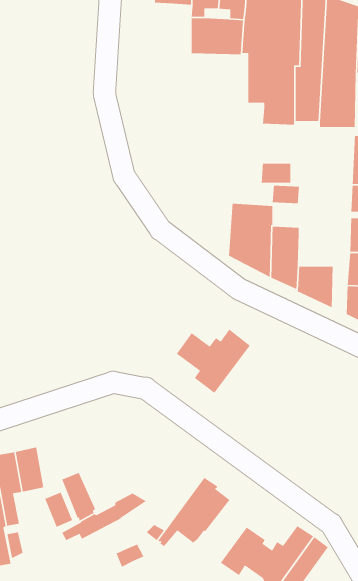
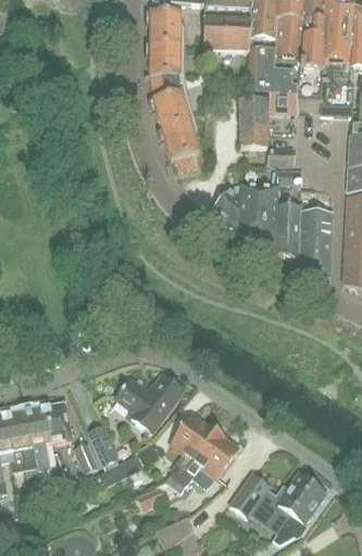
building: none -> [145,9,199,169]
building: none -> [237,97,269,144]
building: none -> [212,182,240,230]
building: none -> [300,200,333,239]
building: [176,329,251,394] -> [115,374,183,432]
building: none -> [170,413,215,468]

